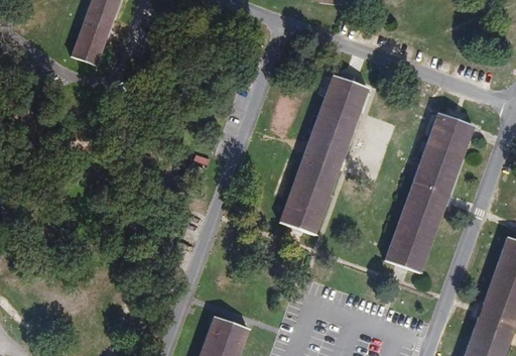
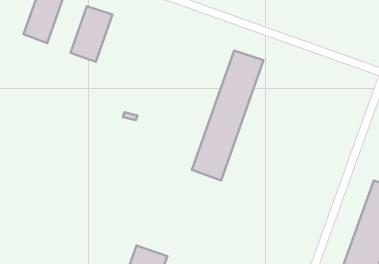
building: none -> [71,6,112,62]
building: [383,113,477,278] -> none

